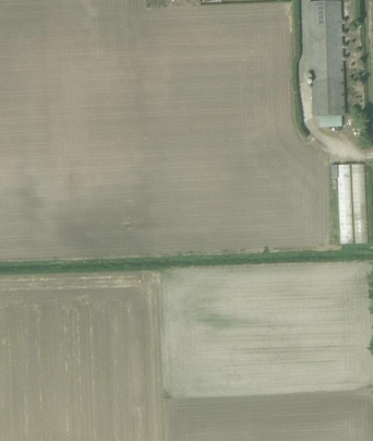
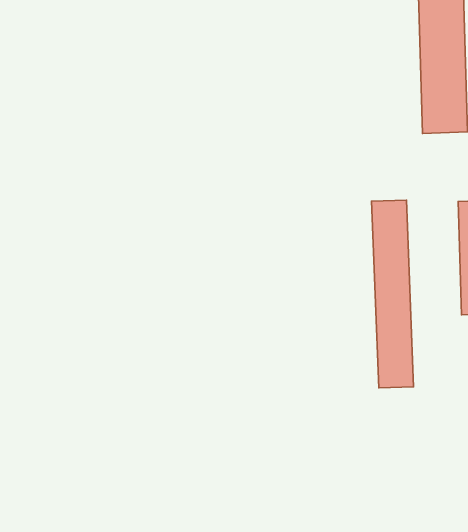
building: none -> [372,200,414,388]

